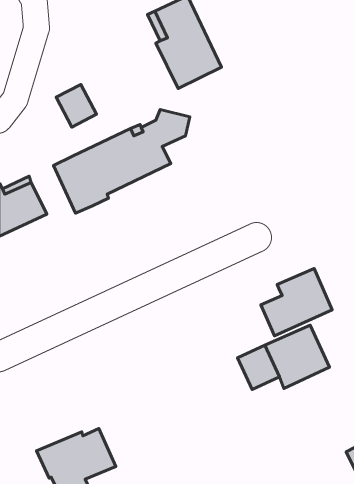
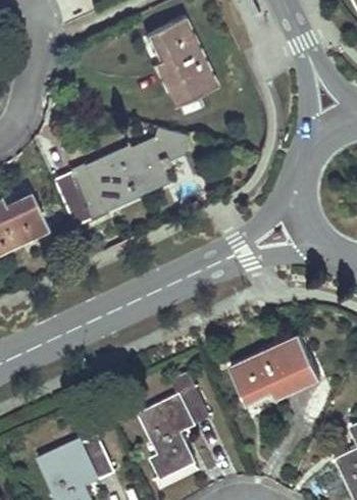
building: [56,84,97,127] -> none
building: [261,268,332,336] -> none
building: none -> [140,372,209,478]

